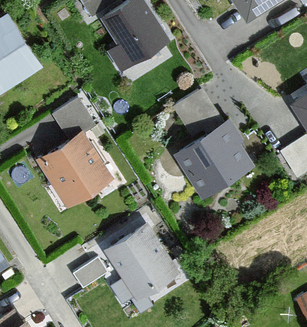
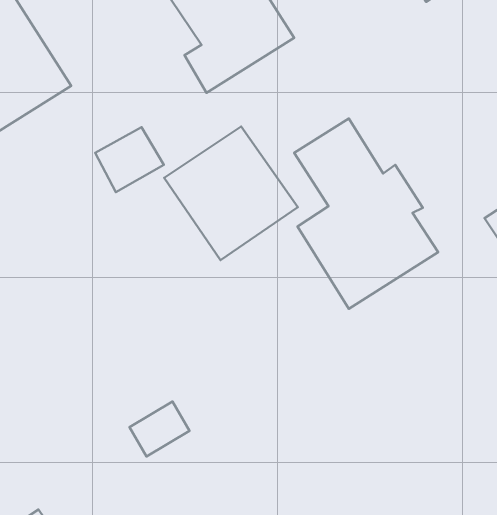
building: [34,132,112,210] -> [164,127,298,260]
building: [103,222,179,301] -> none

